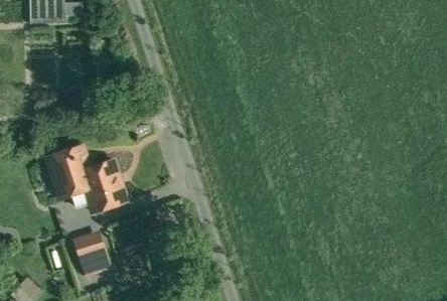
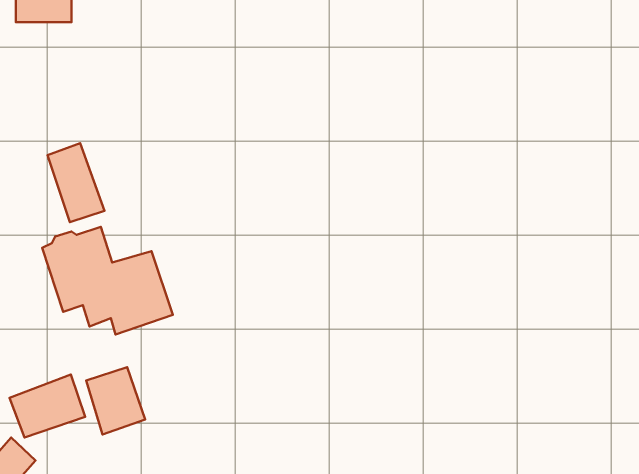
building: none -> [47,143,104,222]
building: none -> [10,374,85,438]

